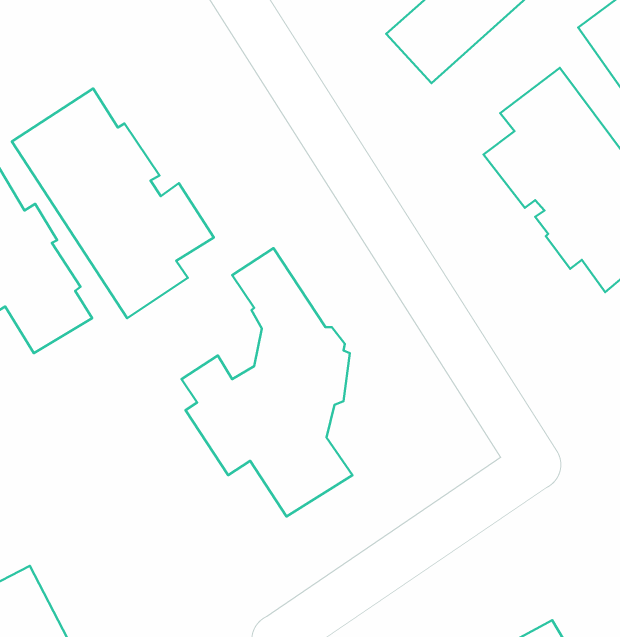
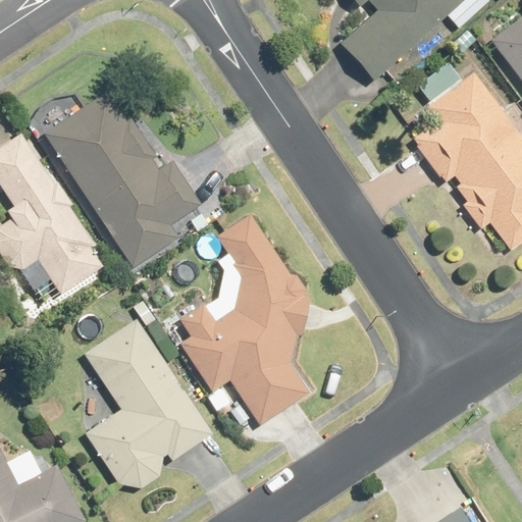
building: none -> [84,317,215,486]

